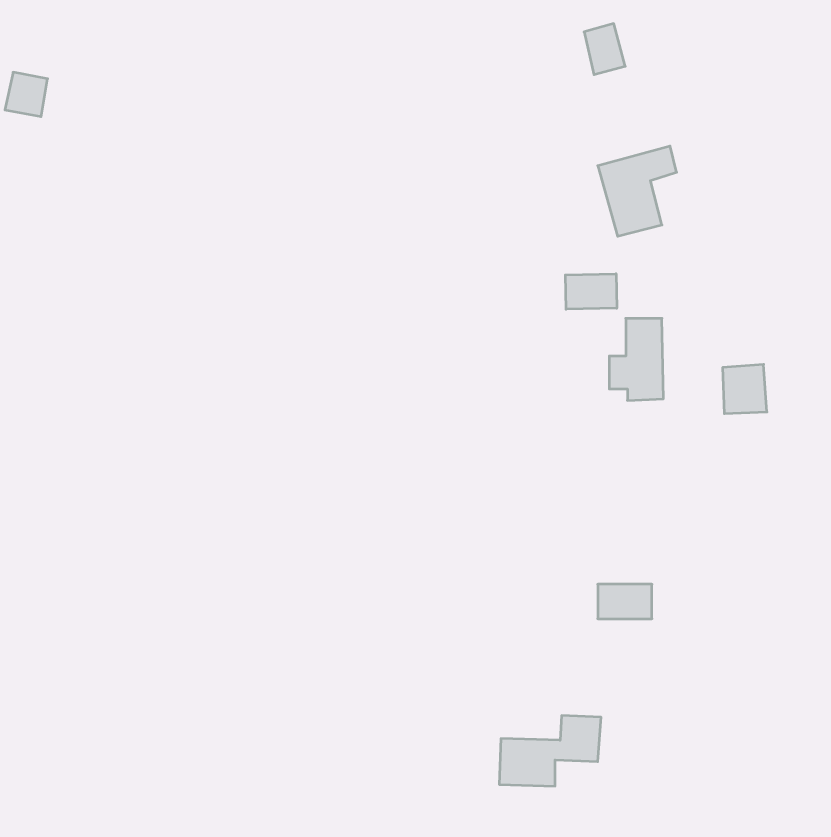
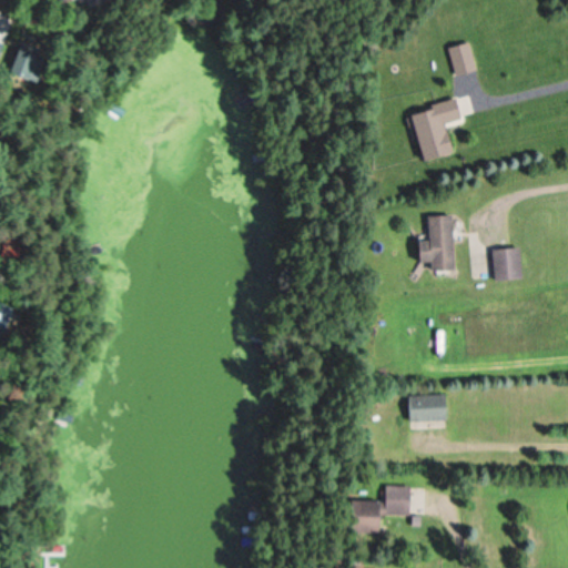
building: [584,24,625,75] -> [452,42,479,77]
building: [565,274,617,309] -> none

